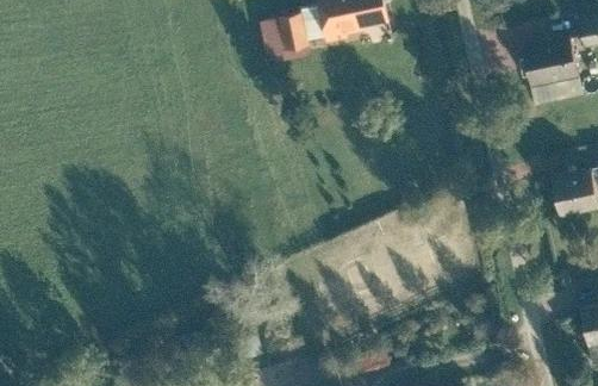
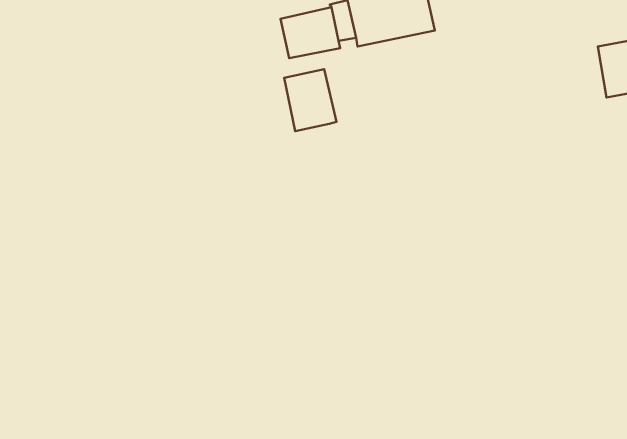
building: none -> [284,69,336,131]

